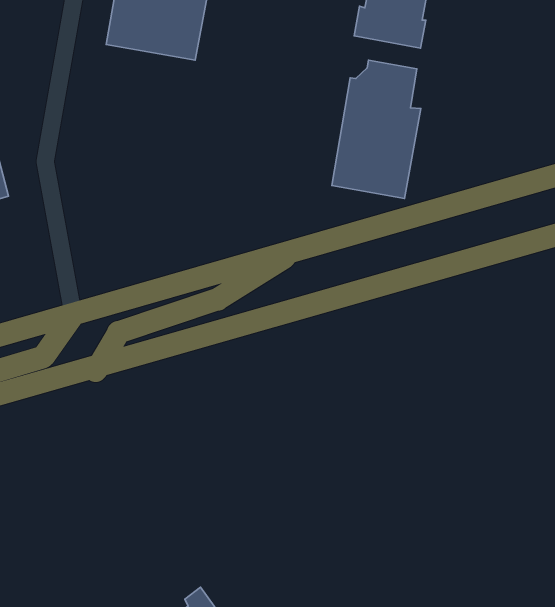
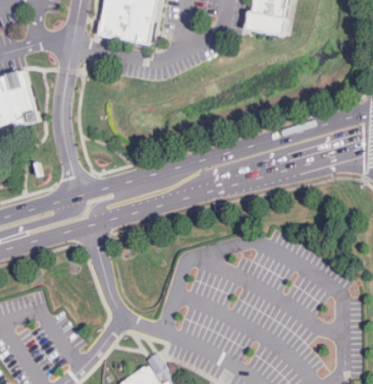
building: [332,60,421,199] -> none

